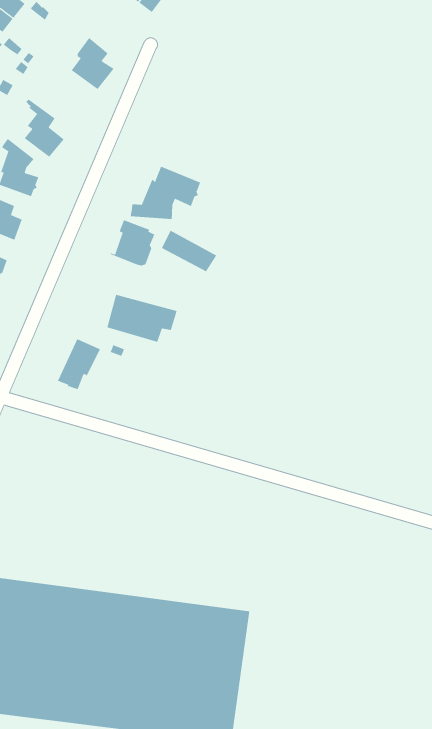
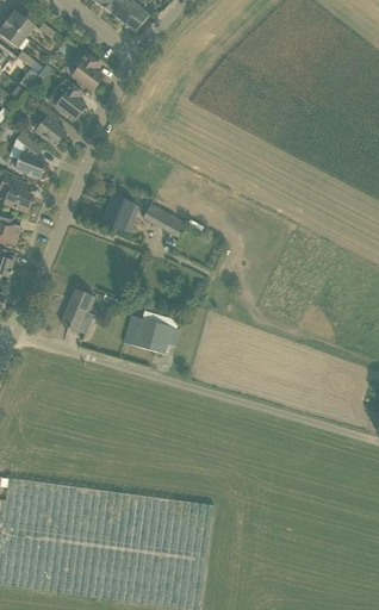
building: none -> [54,80,86,118]
building: [130,166,201,220] -> none
building: [107,294,177,342] -> [123,315,179,353]

